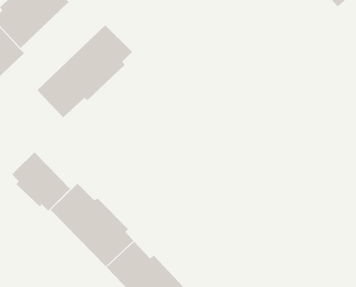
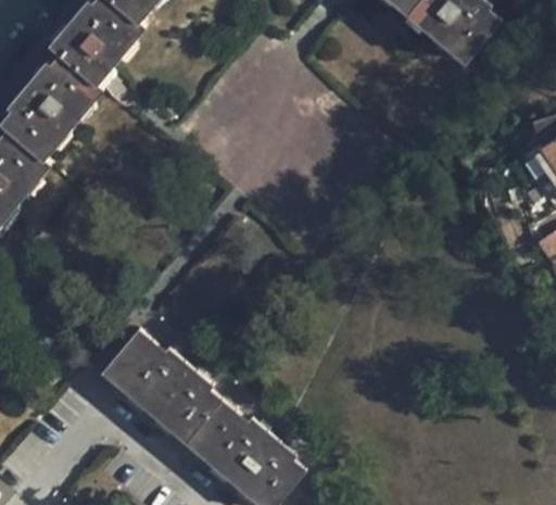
building: [37,25,133,118] -> none
building: [11,151,71,211] -> none

